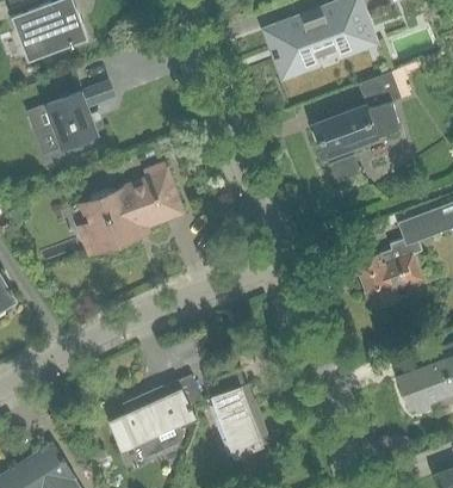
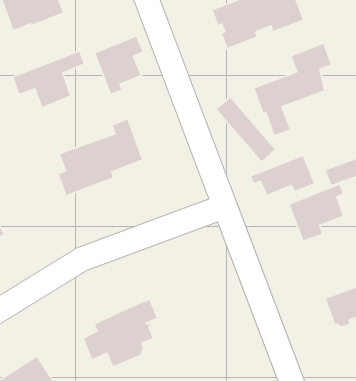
building: none -> [94,36,144,95]
building: none -> [216,97,275,162]
building: none -> [250,155,315,195]
building: [206,387,268,458] -> none

